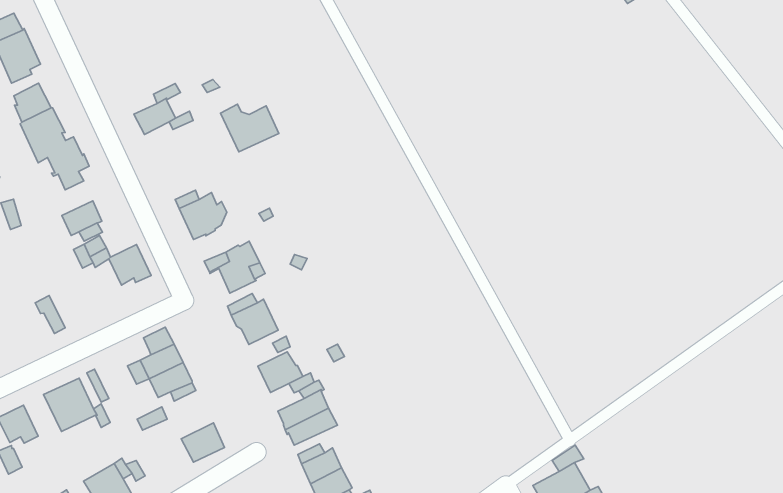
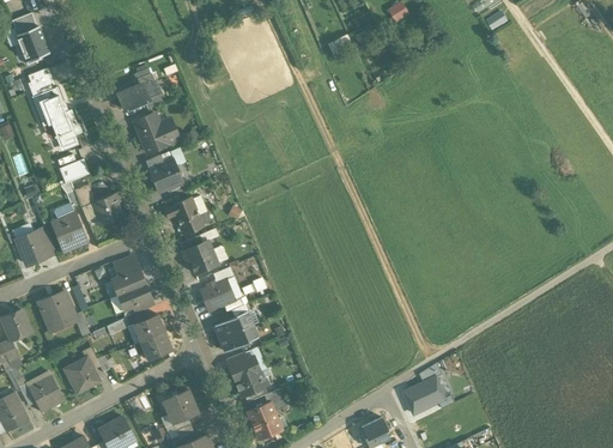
building: [221,104,279,152] -> [134,116,177,152]
building: none -> [50,211,86,252]
building: none -> [16,232,48,265]
building: none -> [132,314,164,341]

